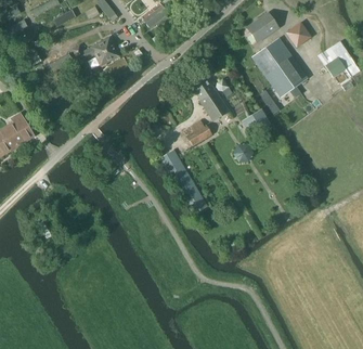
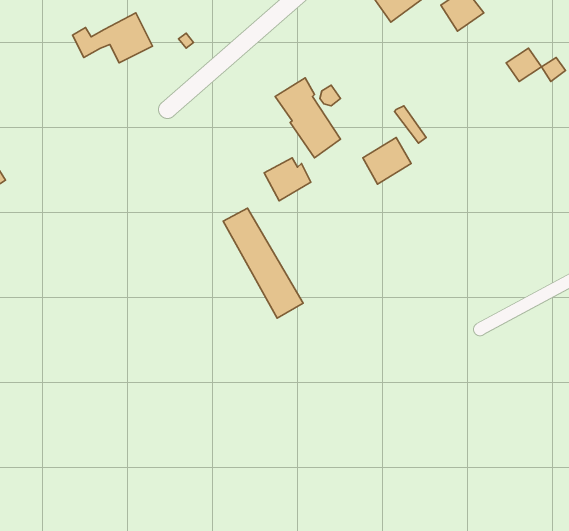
building: [251,38,306,95] -> none

